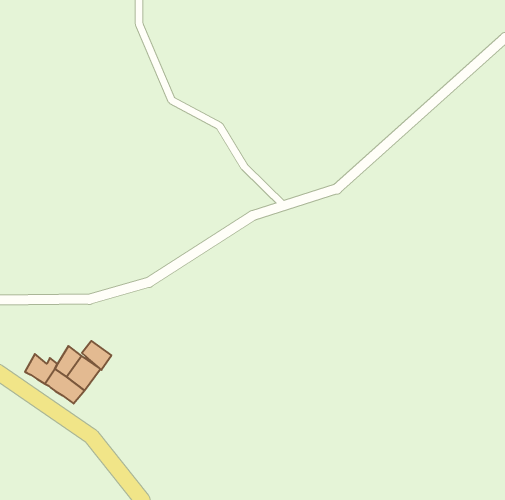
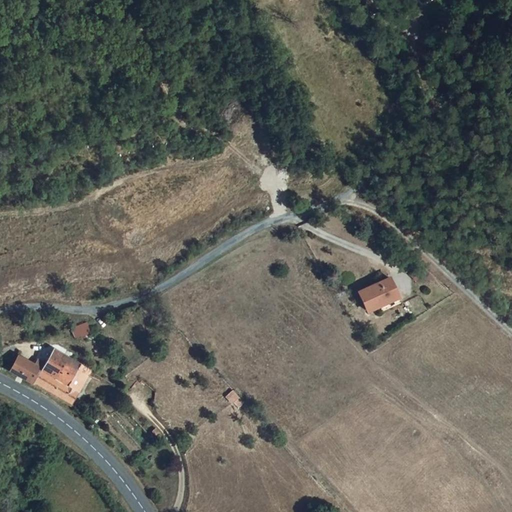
building: none -> [356,274,398,311]
building: [82,341,111,370] -> none

